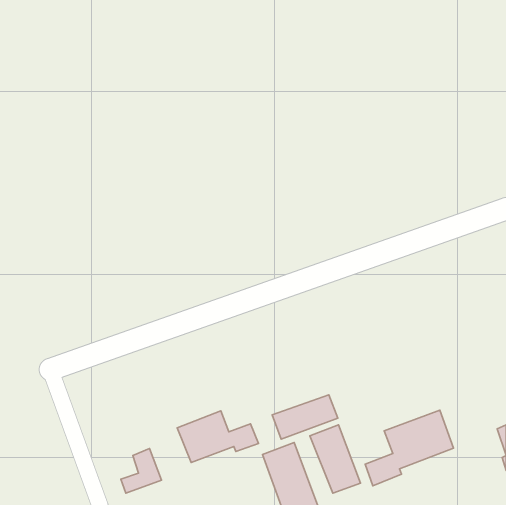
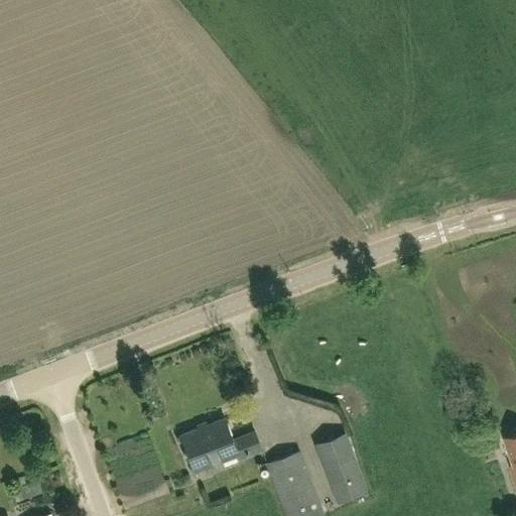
building: [272,395,338,439] -> none
building: [365,410,454,486] -> none

